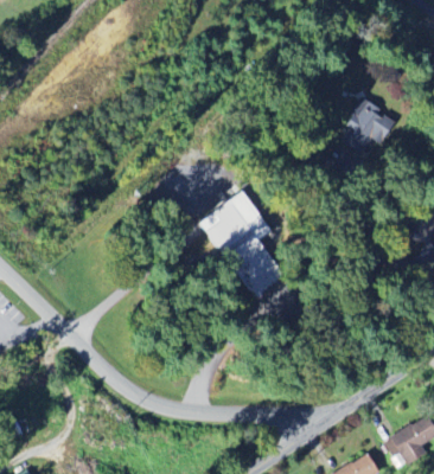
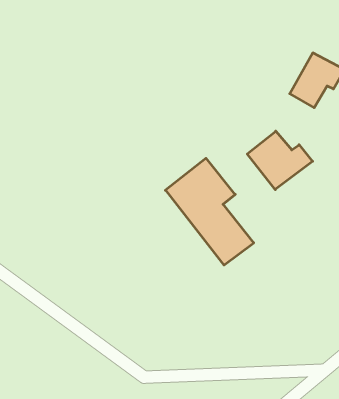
building: none -> [247,131,313,190]

